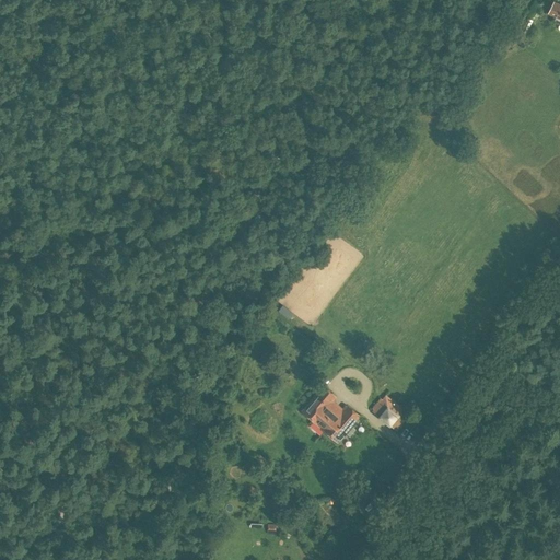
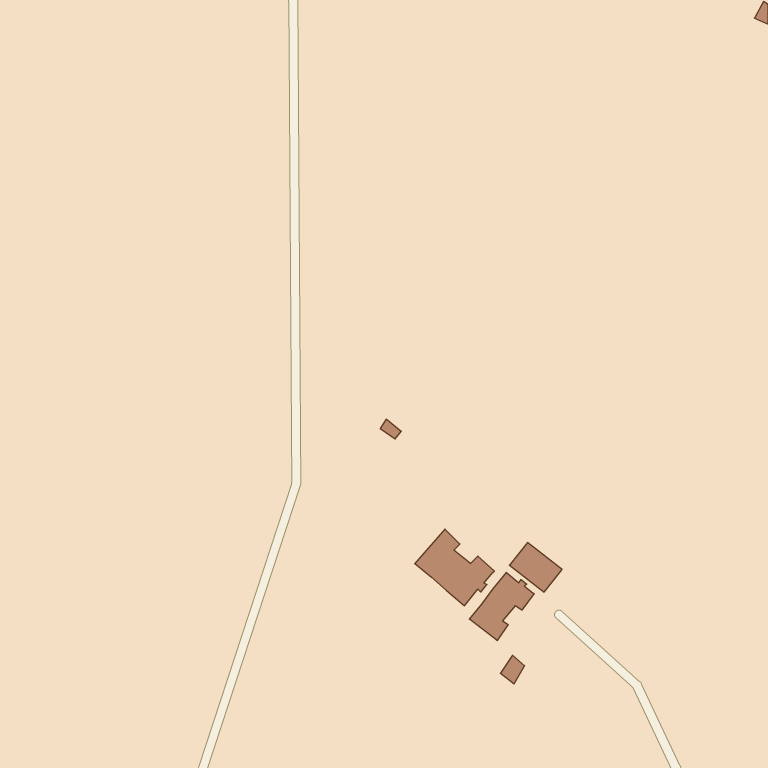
building: none -> [469,572,534,641]

